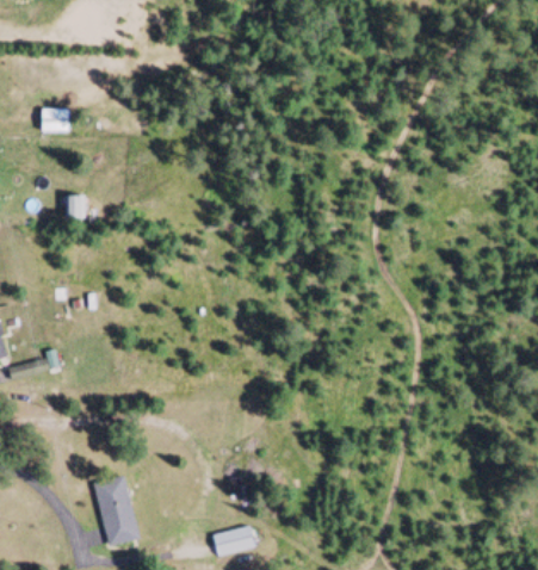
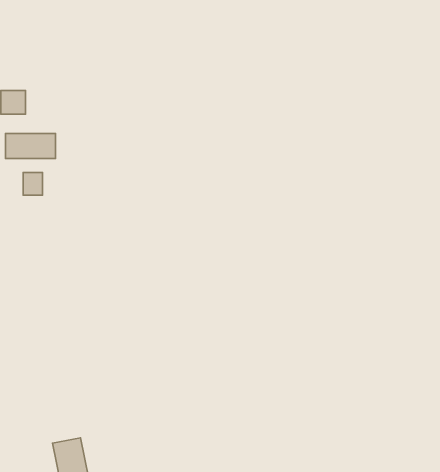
building: none -> [5,133,56,158]

